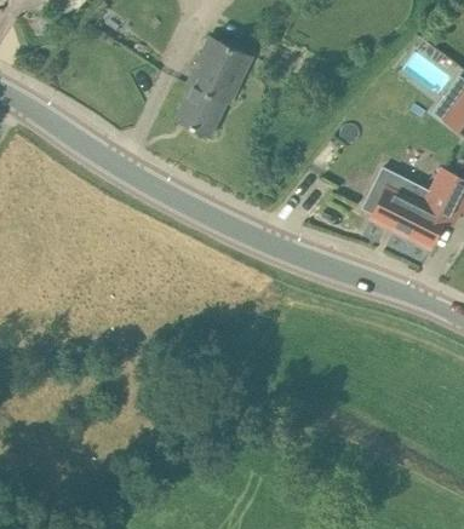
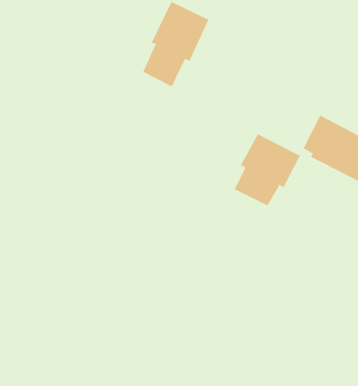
building: none -> [233,133,301,206]

